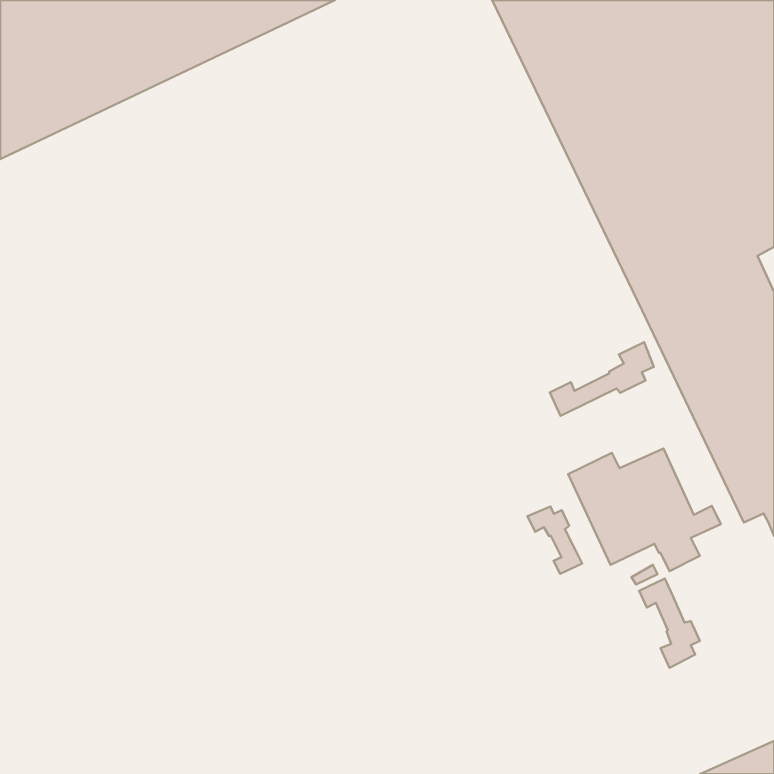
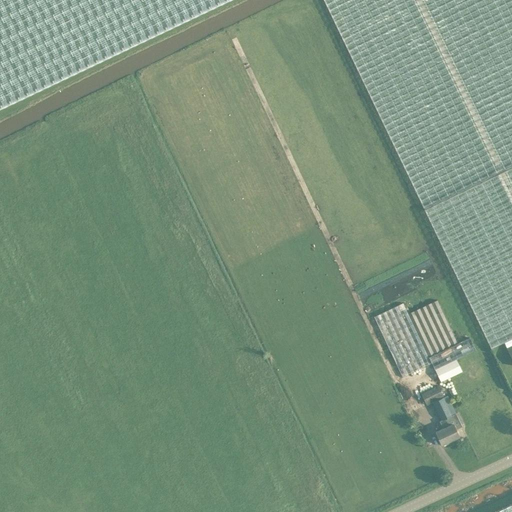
building: [550,342,654,416] -> none
building: [528,506,582,574] -> none

